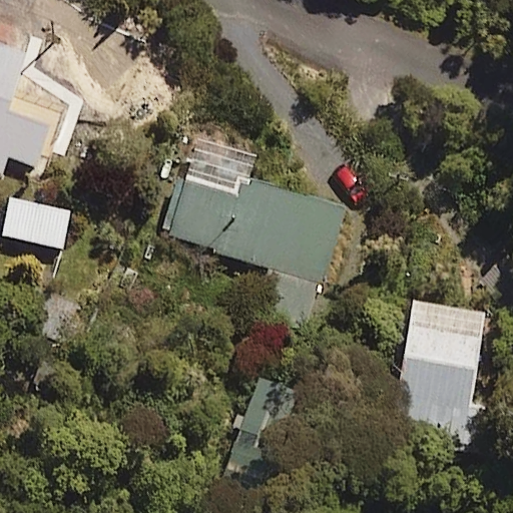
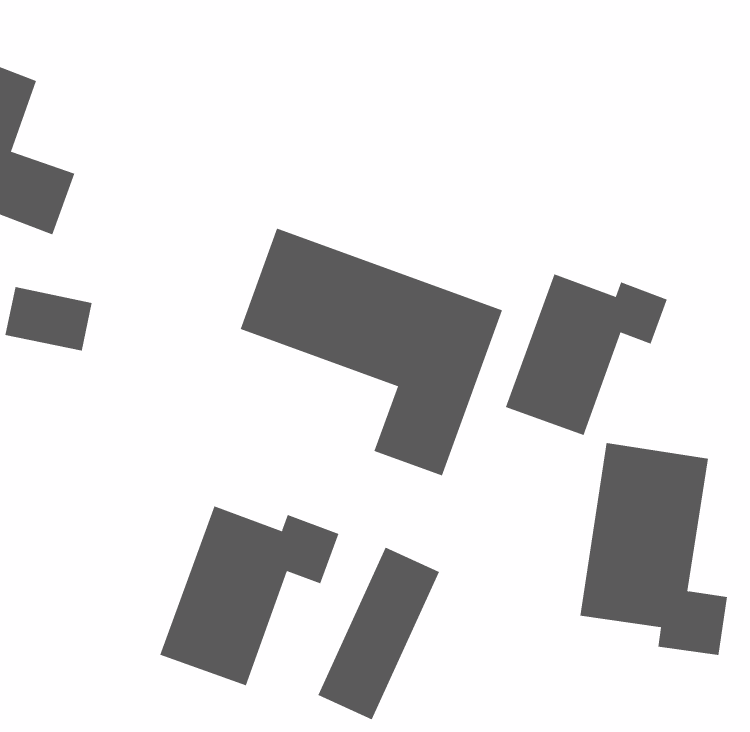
building: none -> [505,274,668,436]
building: none -> [160,506,339,686]

